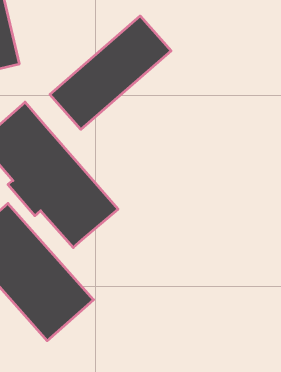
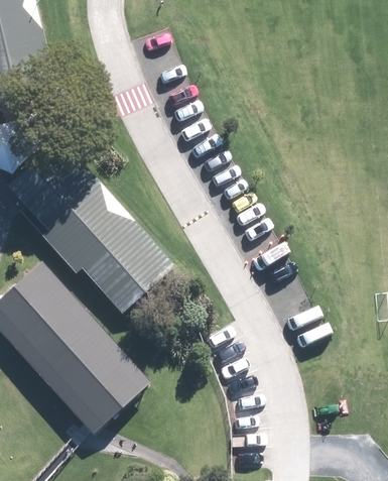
building: [50,16,171,129] -> none

